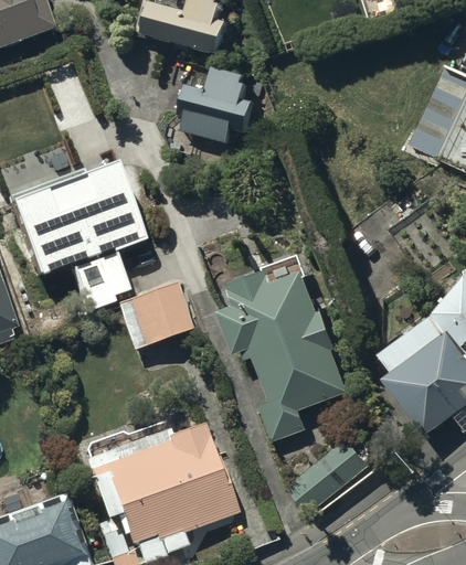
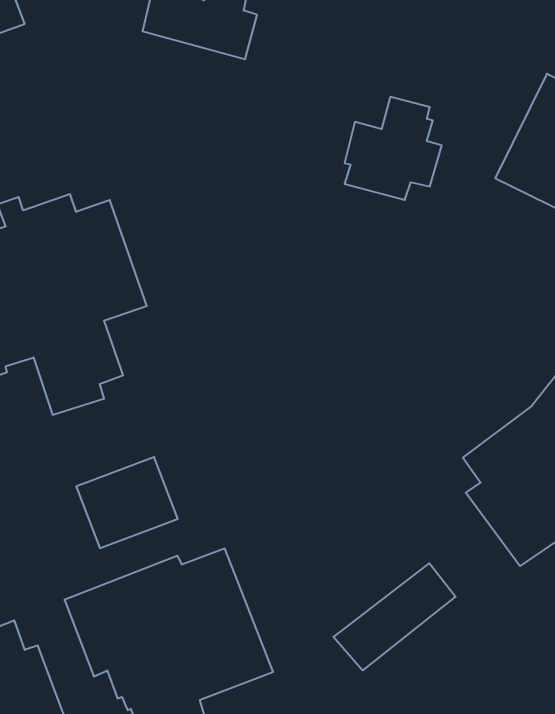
building: [181,64,254,141] -> [345,97,442,200]
building: [235,278,361,443] -> none
building: [116,282,192,351] -> [76,457,178,548]

